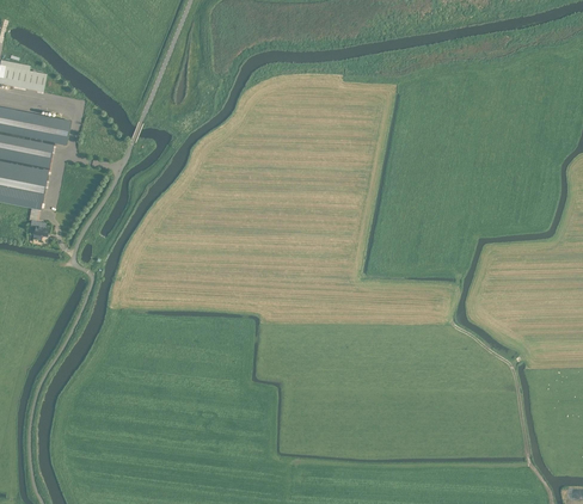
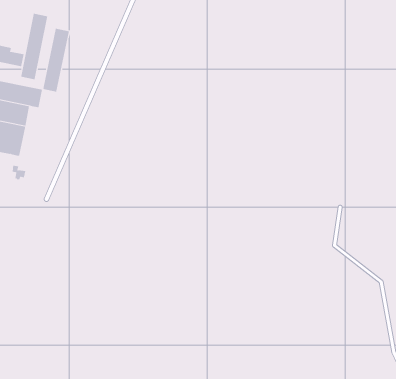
building: none -> [20,13,48,80]
building: none -> [43,28,69,93]

